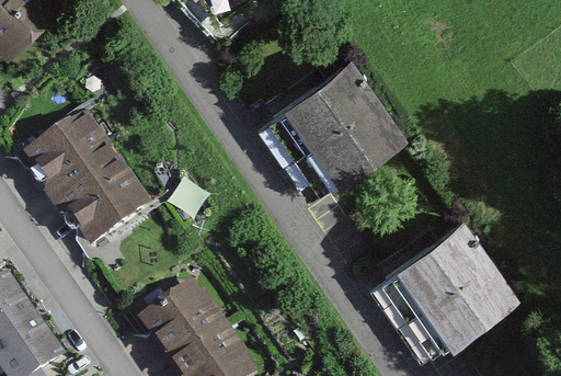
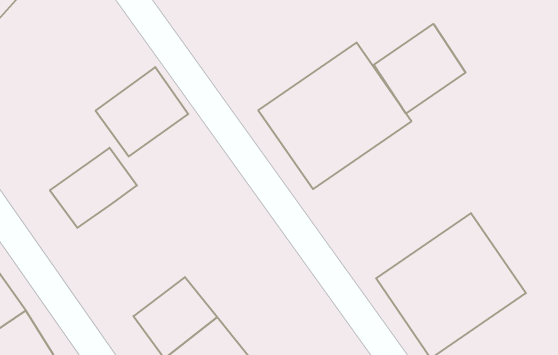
building: none -> [374,24,466,113]
building: [31,115,119,201] -> [96,67,188,156]
building: [167,180,208,221] -> none

